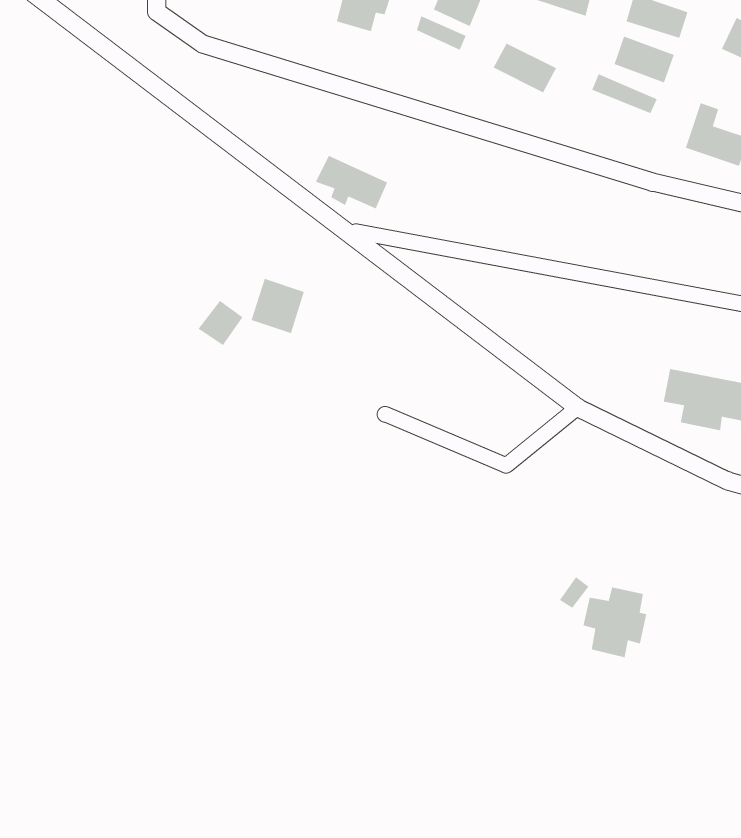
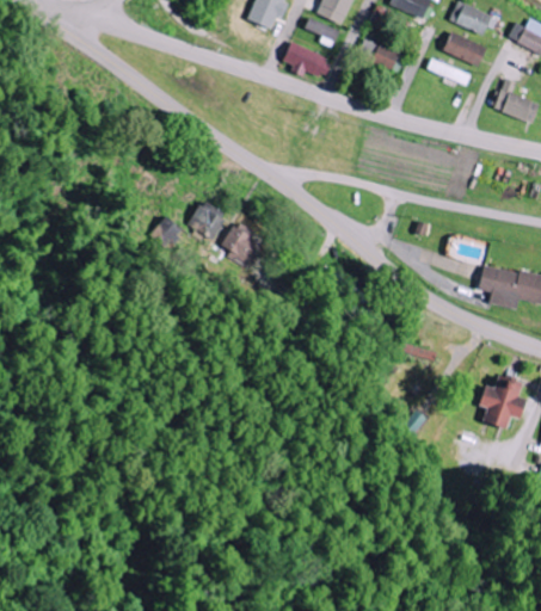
building: [315,155,388,209] -> [281,41,332,79]
building: none -> [221,221,260,265]
building: [582,587,647,658] -> [475,377,521,427]

